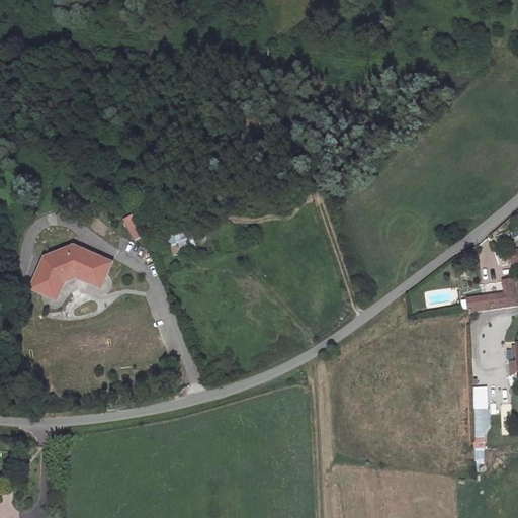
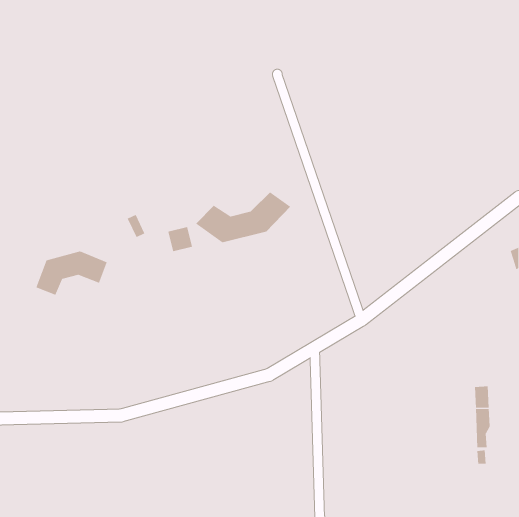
building: none -> [195,191,291,243]
building: [478,279,512,310] -> none

